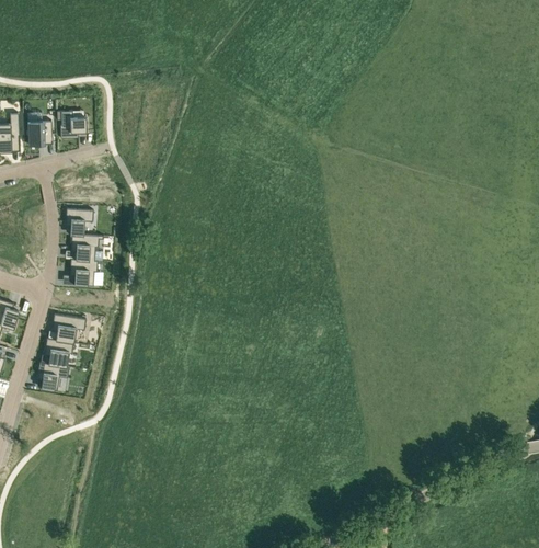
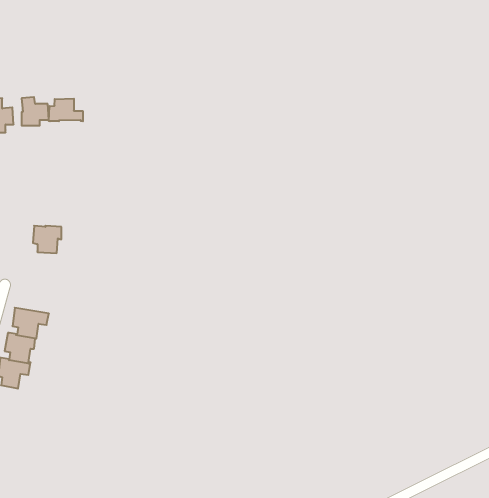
building: none -> [49,99,83,121]
building: [66,208,93,236] -> none
building: [69,259,98,286] -> none

